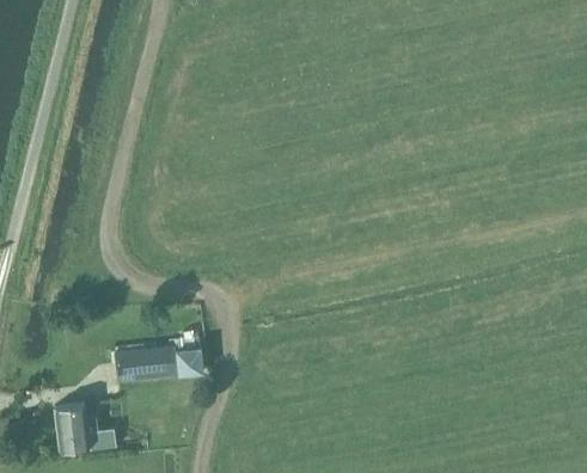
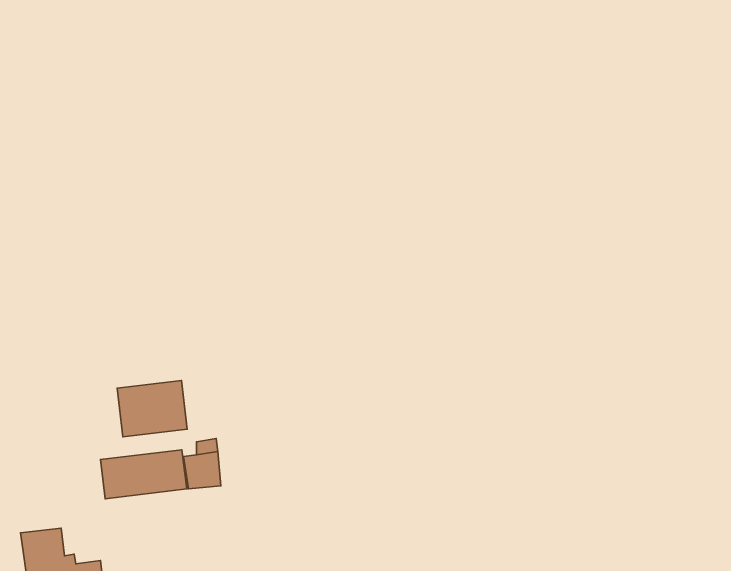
building: none -> [117,381,187,437]

